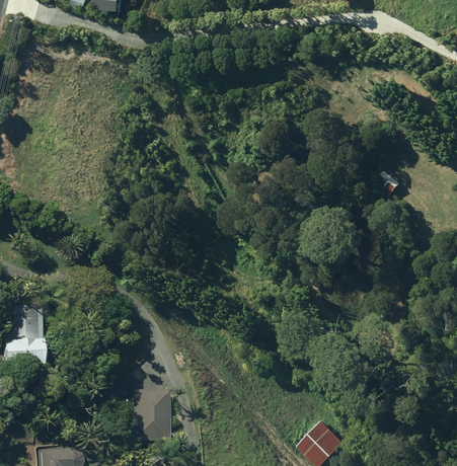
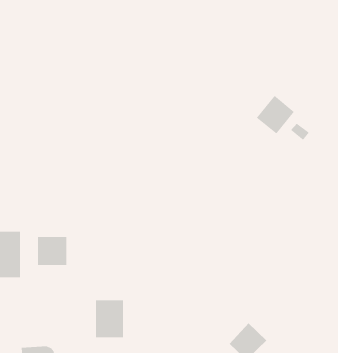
building: none -> [256,95,295,135]
building: none -> [37,236,67,266]

